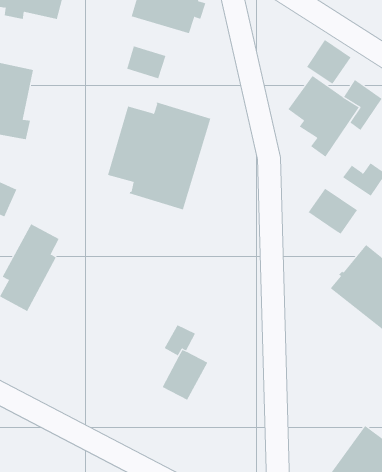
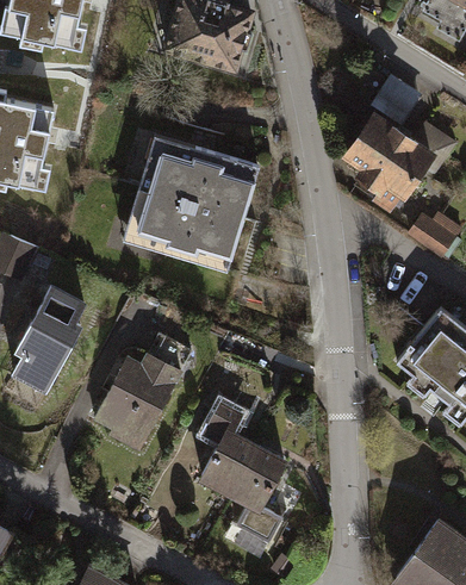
building: [127,46,166,79] -> none
building: [308,188,358,234] -> none
building: none -> [94,332,192,438]
building: none -> [231,447,285,542]

